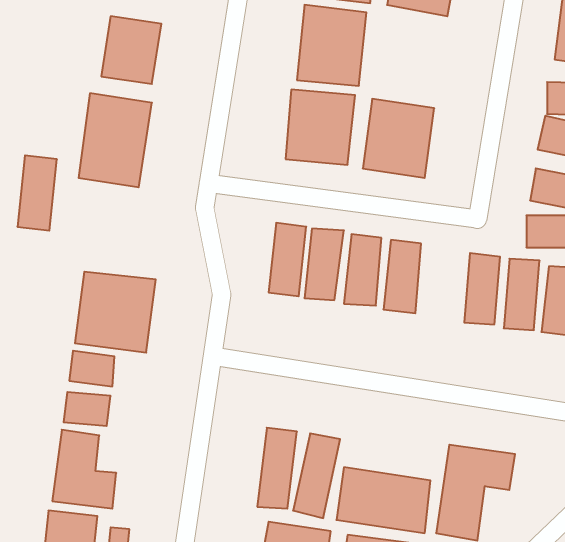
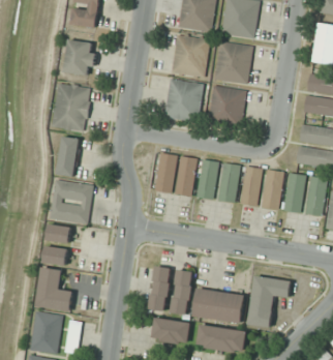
building: none -> [213,41,252,84]
building: [17,155,57,231] -> [57,136,79,177]
building: none -> [238,166,263,207]

